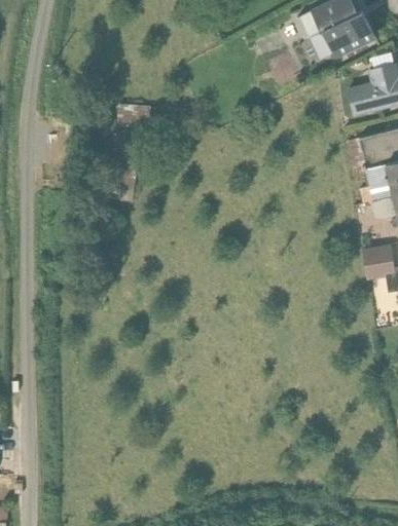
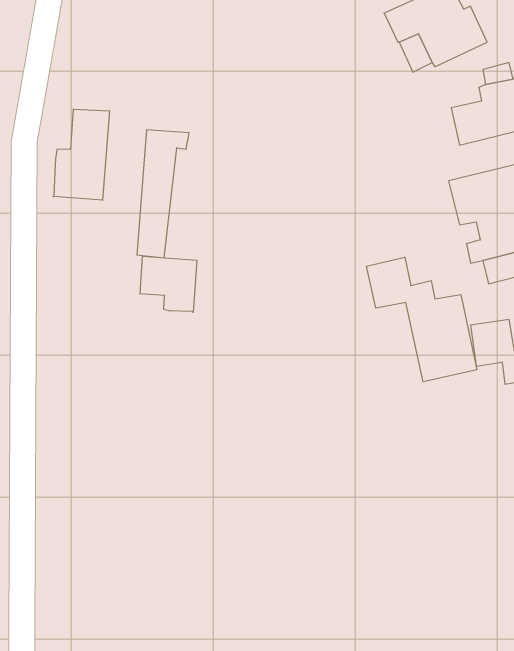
building: none -> [53,109,109,200]
building: none -> [140,256,197,312]
building: none -> [366,257,477,382]

